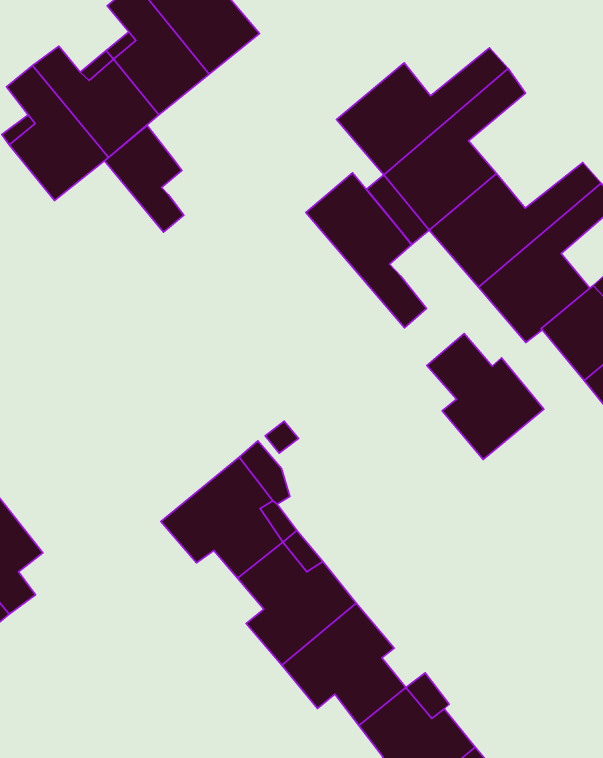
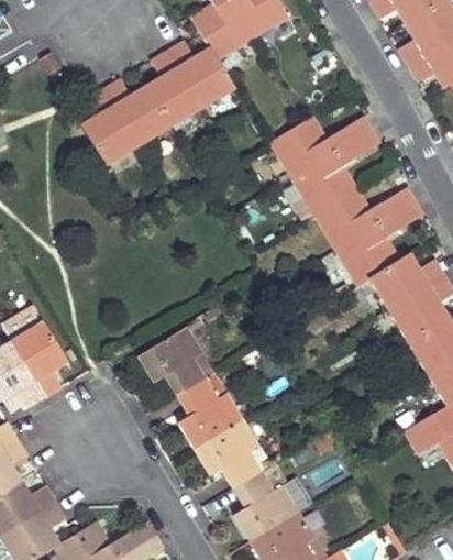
building: [104,126,184,232] -> none
building: [306,173,427,328] -> none
building: [427,333,544,460] -> none

